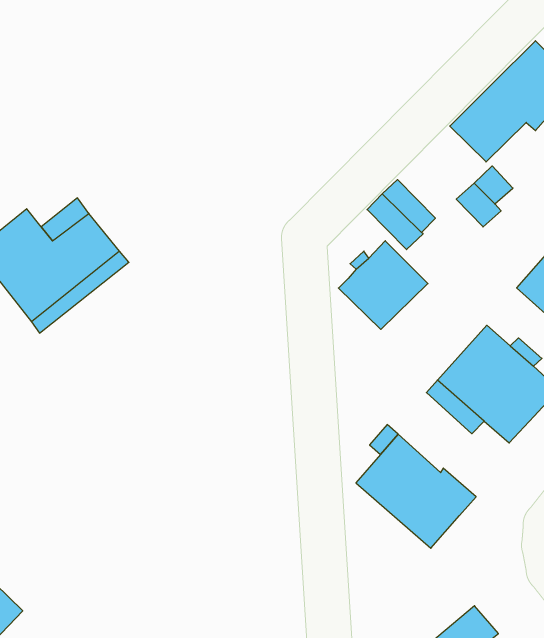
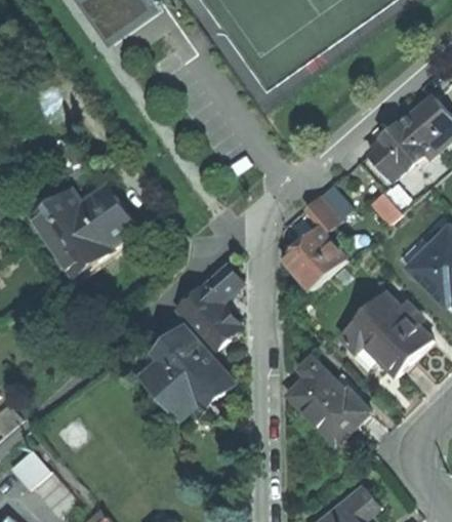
building: none -> [177,265,244,352]
building: none -> [145,327,232,415]

